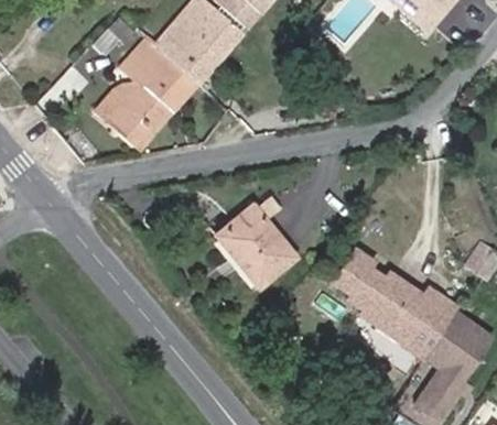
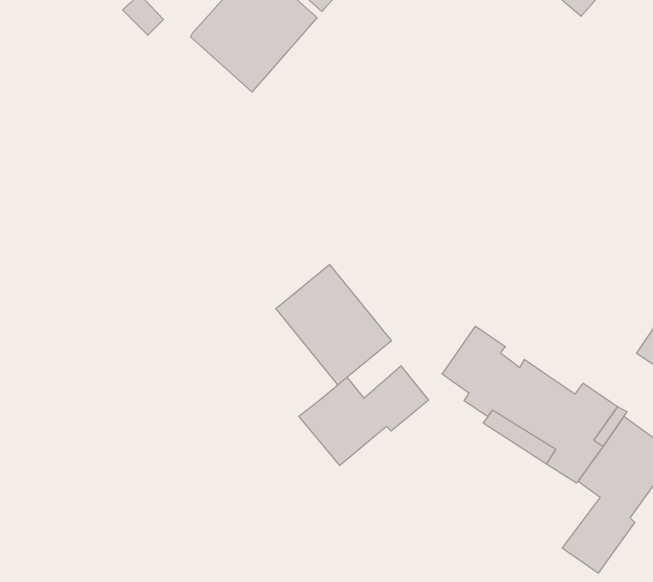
building: [97,36,198,148] -> none
building: none -> [299,366,429,466]

